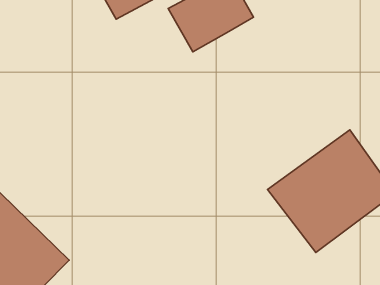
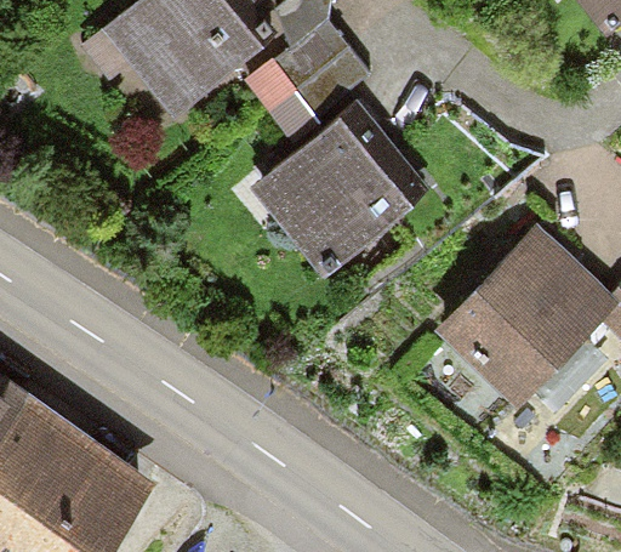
building: none -> [250,110,415,274]

